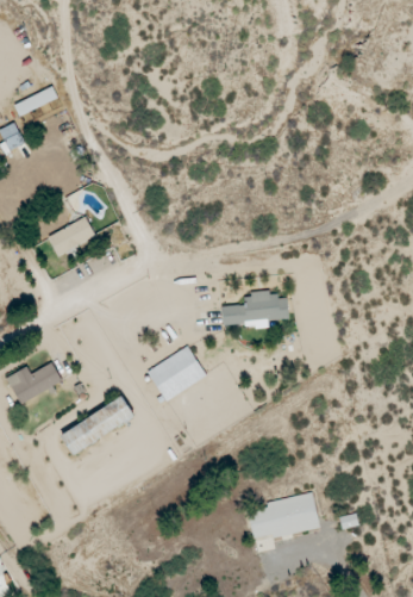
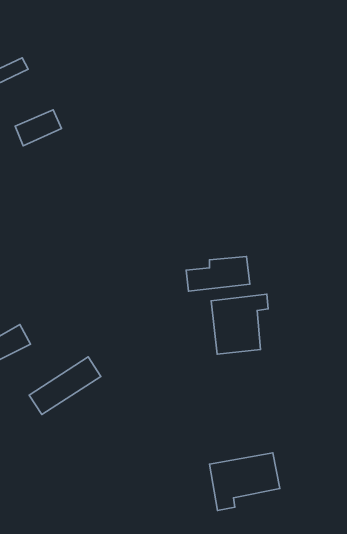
building: [48,218,95,255] -> [15,110,61,146]
building: none -> [211,294,268,354]
building: [146,347,206,402] -> none

